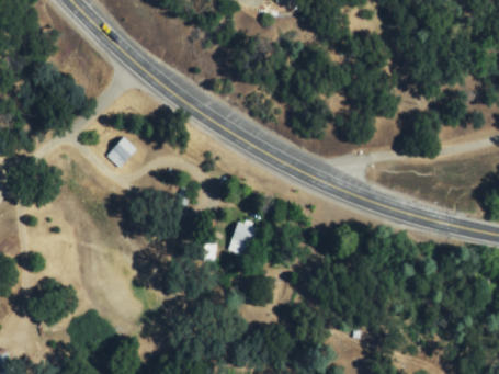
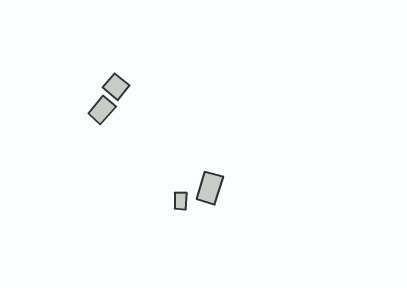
building: none -> [103,73,130,100]

